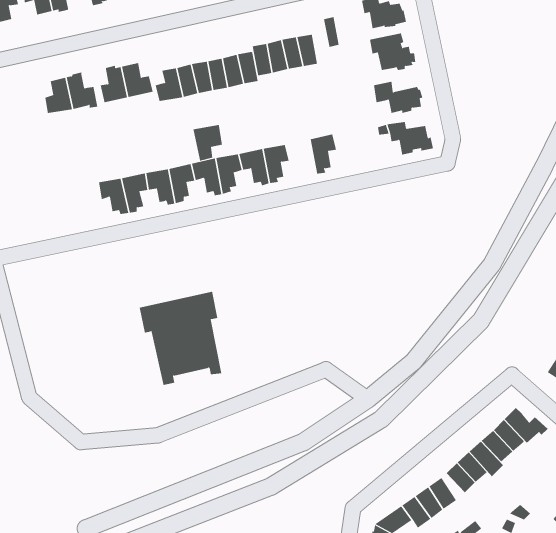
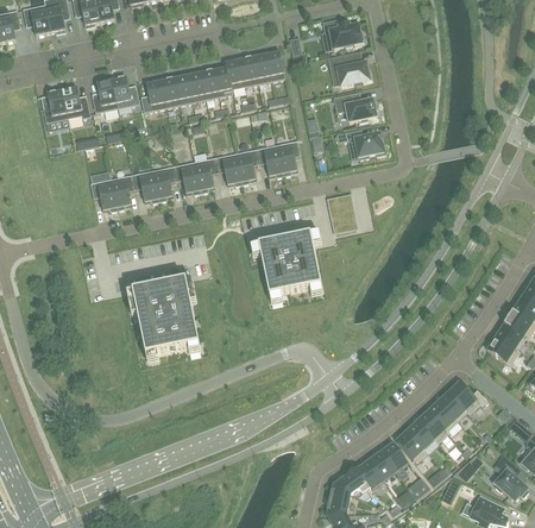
building: [193,124,222,161] -> none
building: none -> [256,144,283,177]
building: none -> [250,231,322,303]

